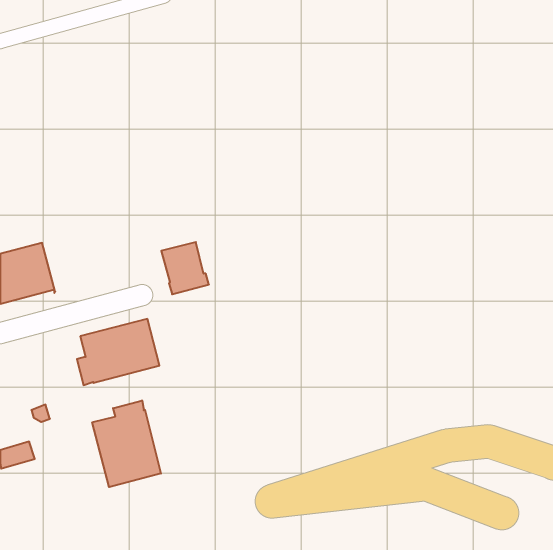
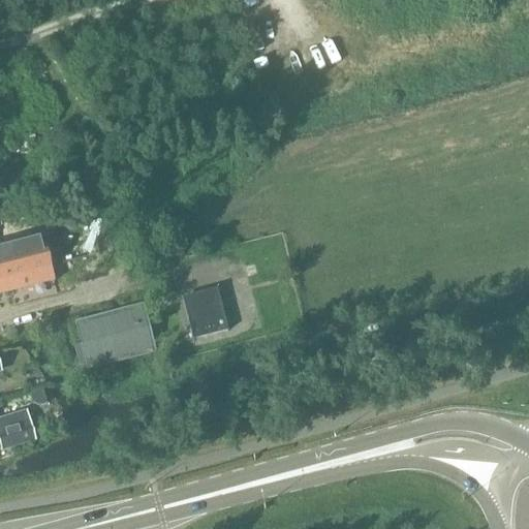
building: [161,242,209,294] -> [183,287,228,337]
building: [92,400,161,487] -> none

